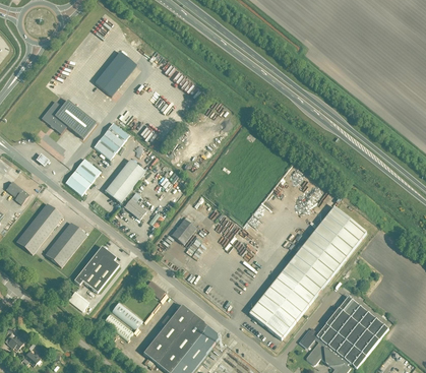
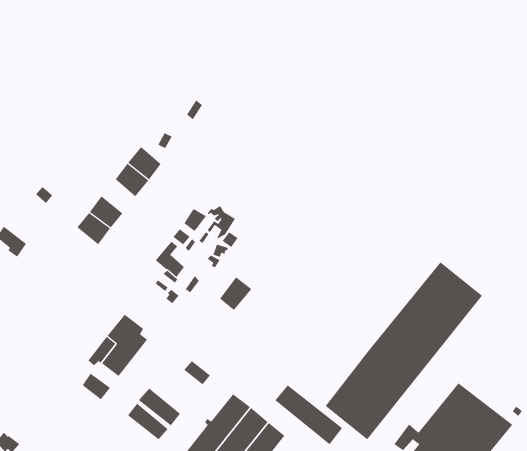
building: [95,52,136,101] -> none
building: [41,100,95,138] -> none
building: [104,160,144,203] -> none
building: [16,203,62,254] -> none
building: [45,222,85,266] -> none
building: none -> [274,385,343,445]

